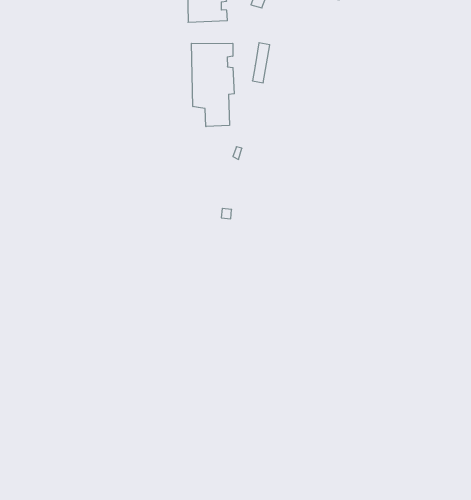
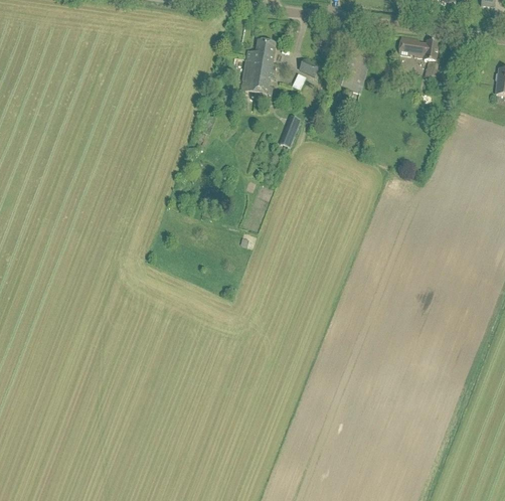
building: [191,43,234,127] -> none

